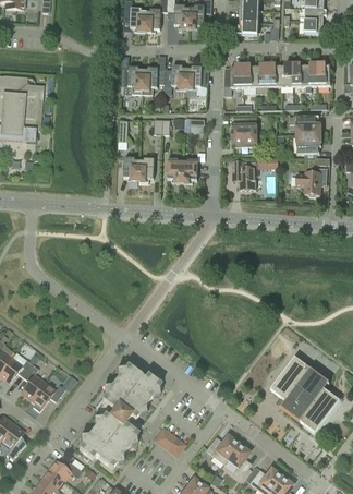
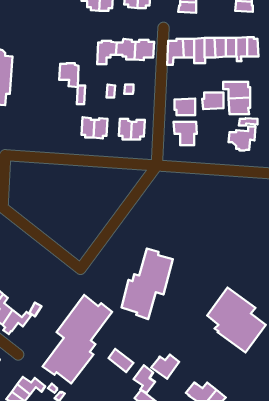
building: [121,65,144,94] -> [59,63,79,87]
building: [232,116,257,135] -> [202,92,224,109]
building: none -> [122,248,173,319]
building: [227,443,252,475] -> [134,365,155,393]

